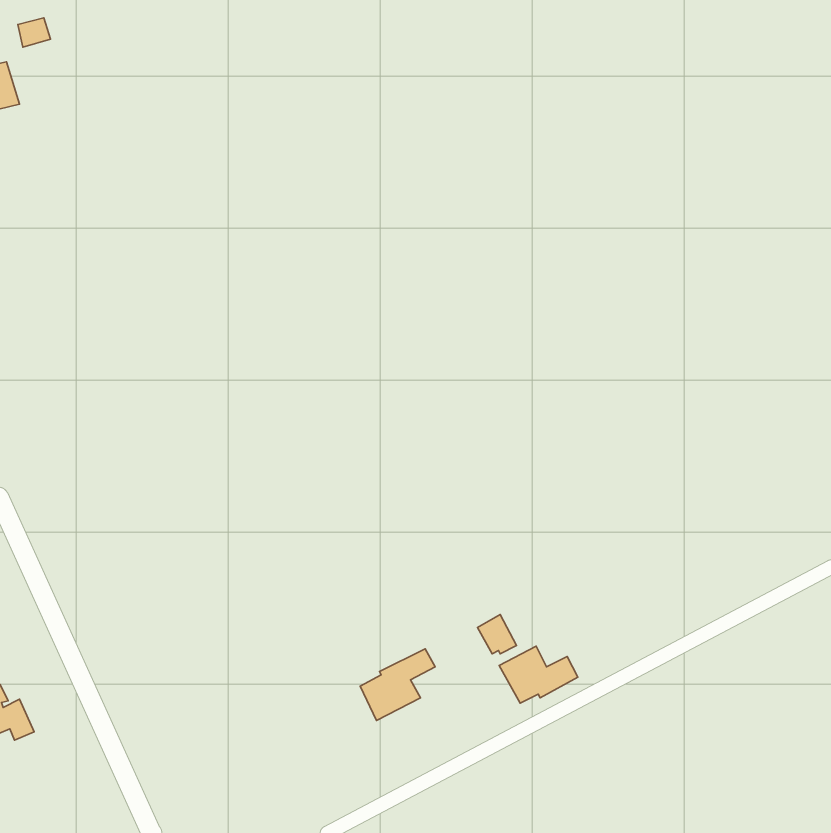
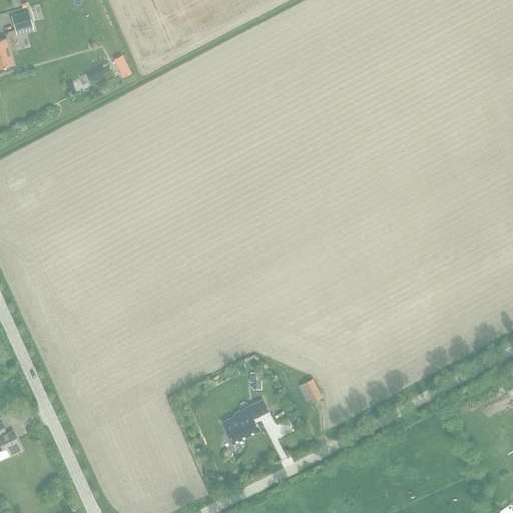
building: [499,646,578,703] -> none

